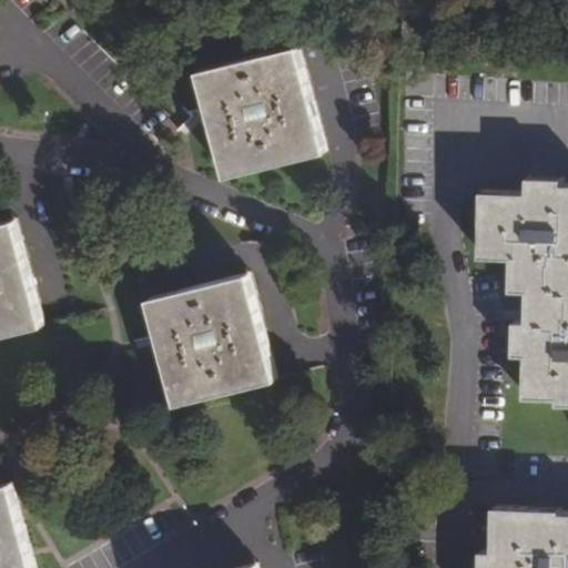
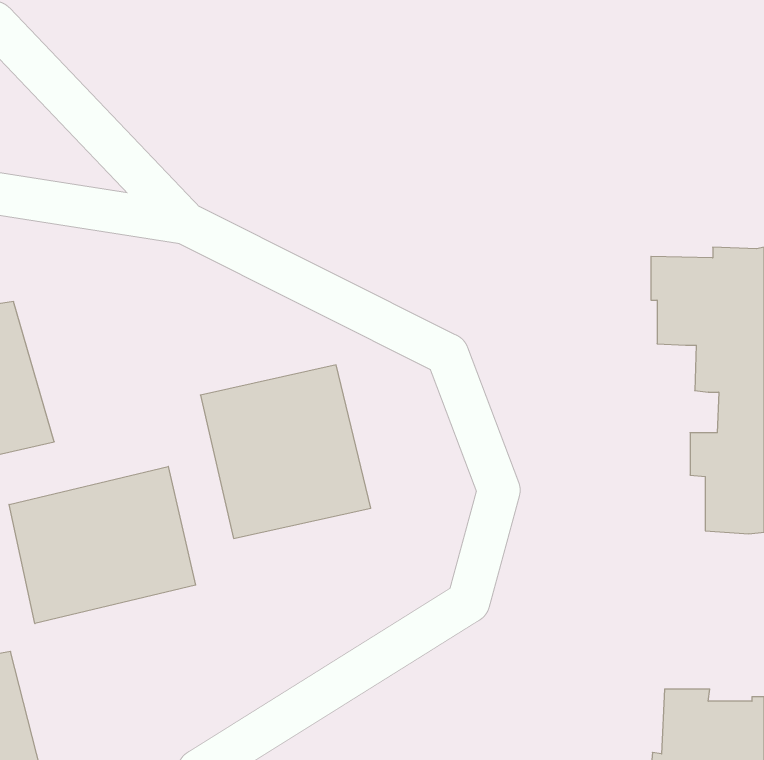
building: [197,48,323,179] -> none
building: none -> [9,466,196,624]

